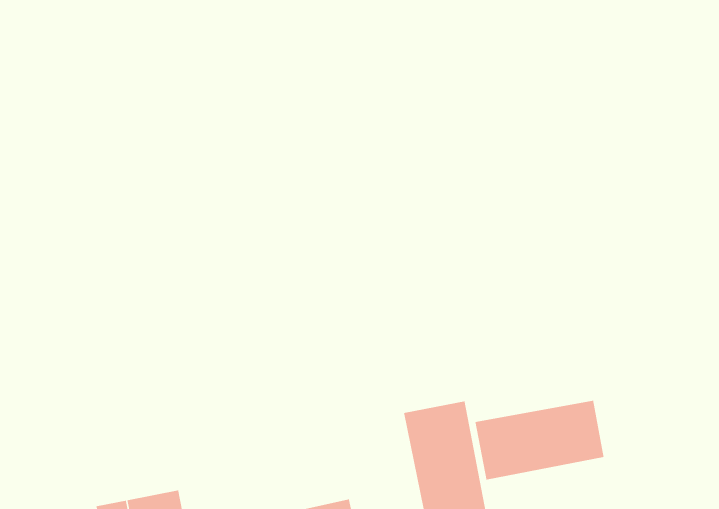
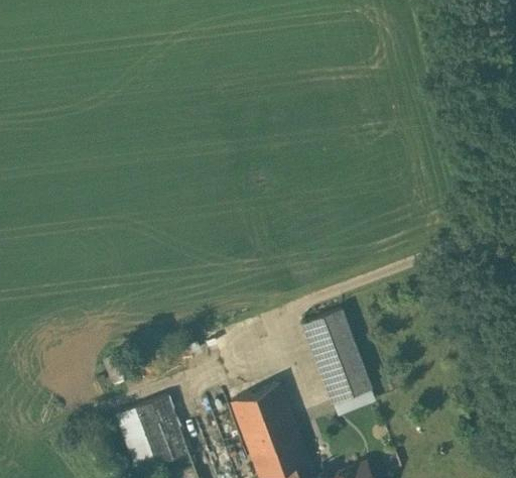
building: [474,400,605,481] -> none

